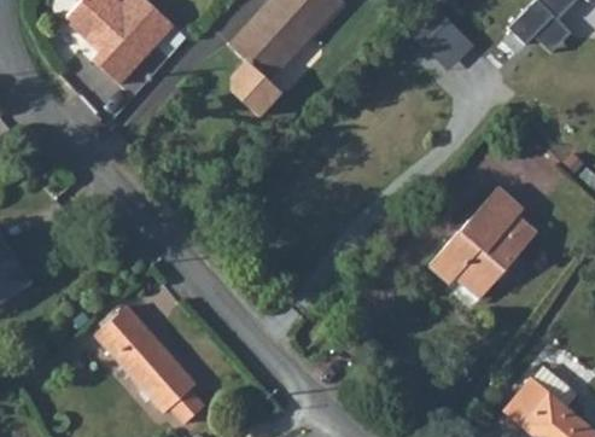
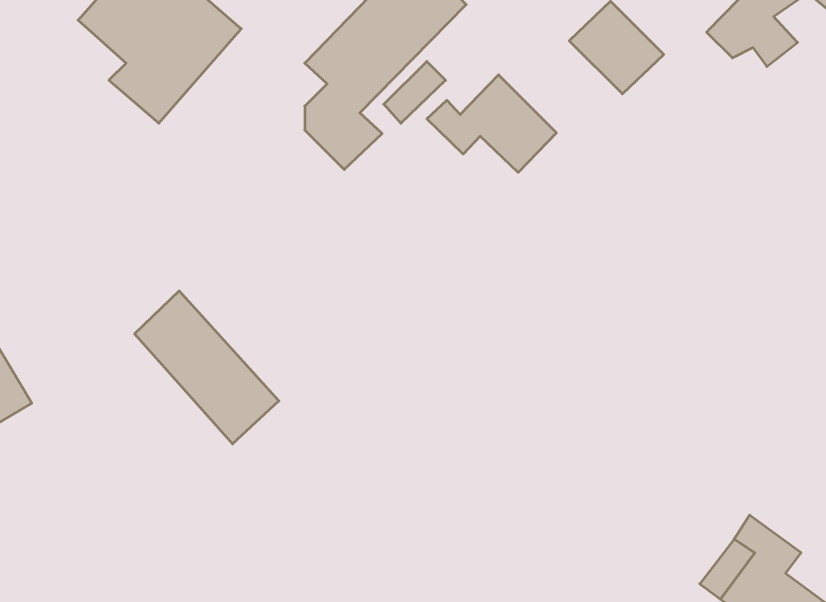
building: none -> [427,75,556,172]
building: [424,187,535,302] -> none
building: [99,307,200,414] -> [135,291,279,444]

